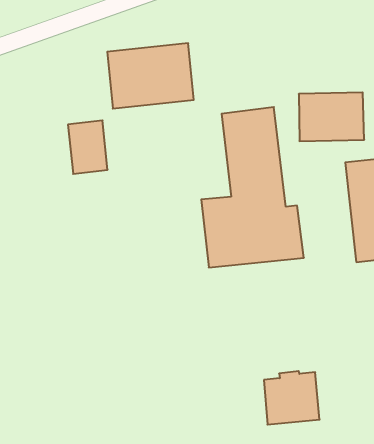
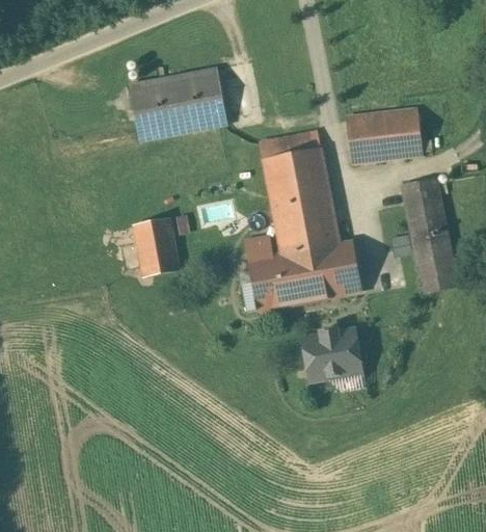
building: [68,120,108,174] -> [132,214,180,276]
building: [264,371,320,425] -> [300,324,366,387]

